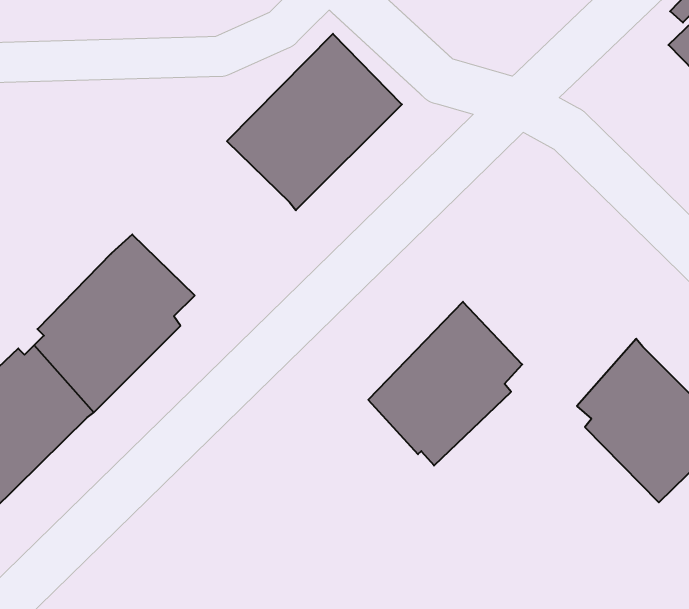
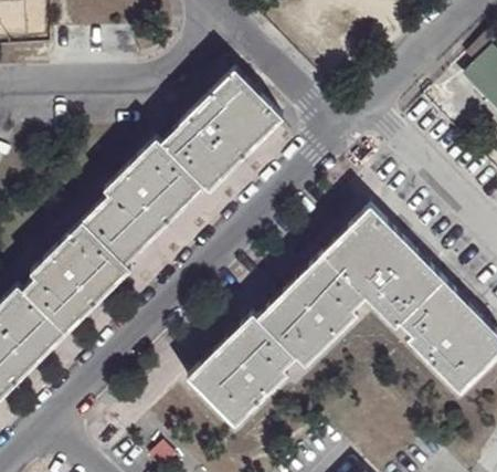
building: none -> [96,139,204,250]
building: none -> [324,206,443,326]
building: none -> [191,316,293,426]

